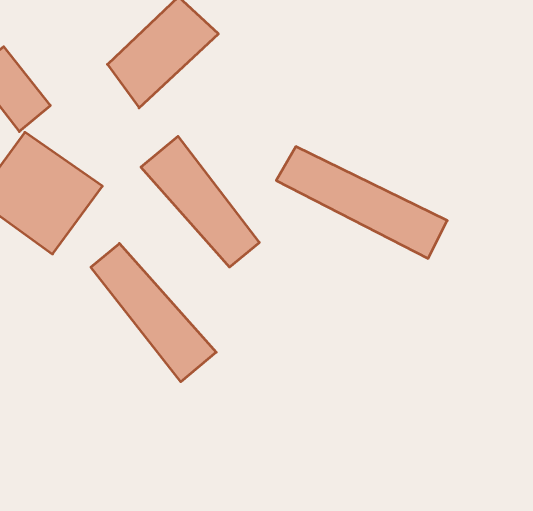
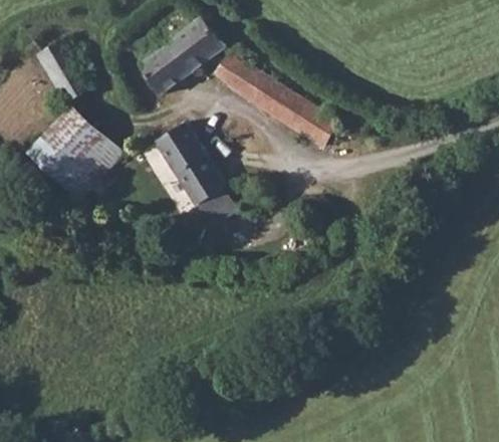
building: [276,147,447,258] -> [211,51,337,149]
building: [91,243,216,382] -> none

